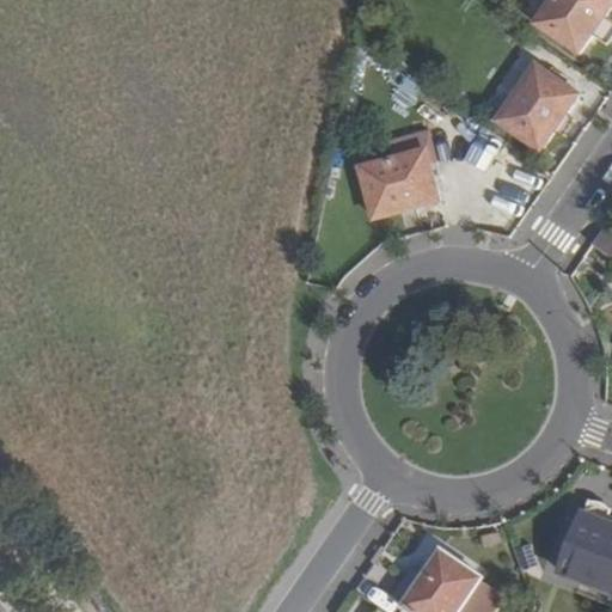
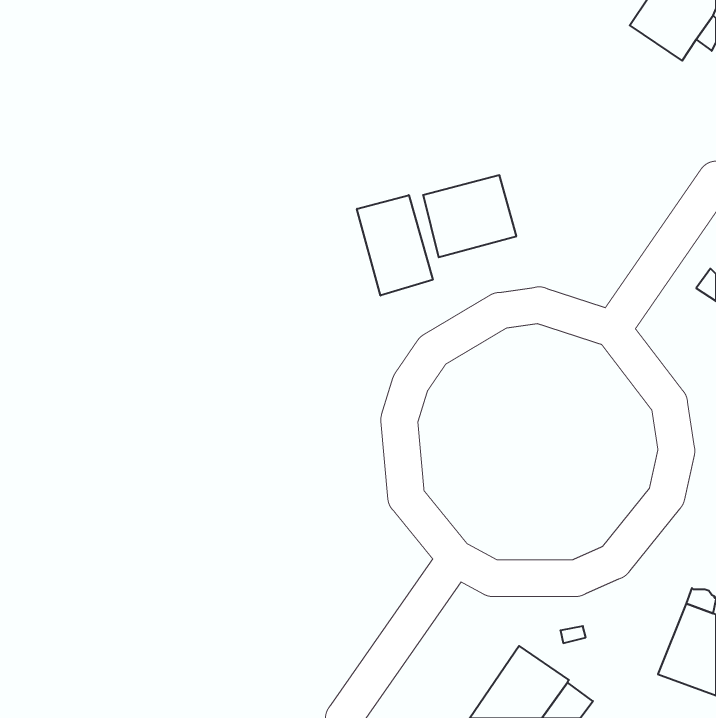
building: [495,63,576,148] -> none
building: none -> [357,195,433,296]

